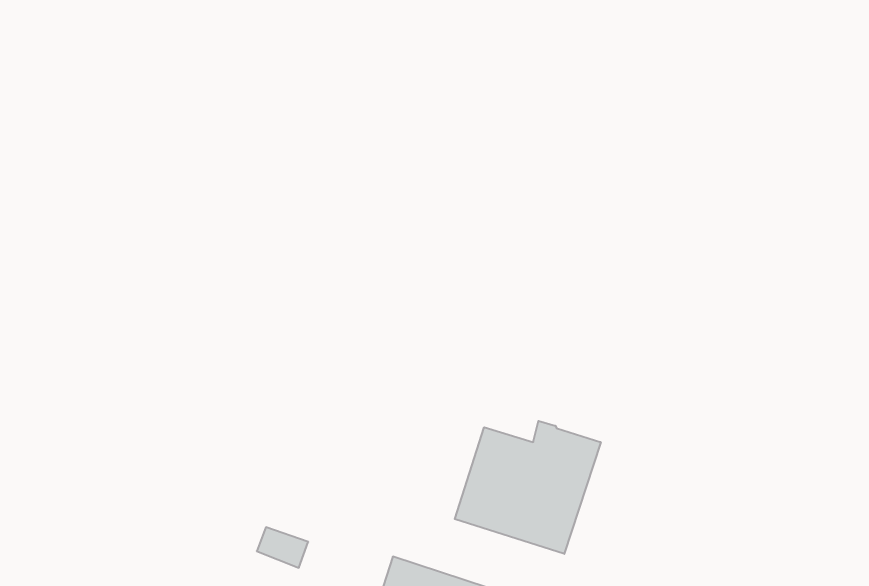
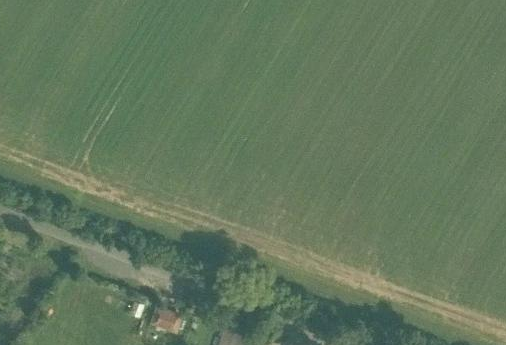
building: [455,421,601,554] -> none

